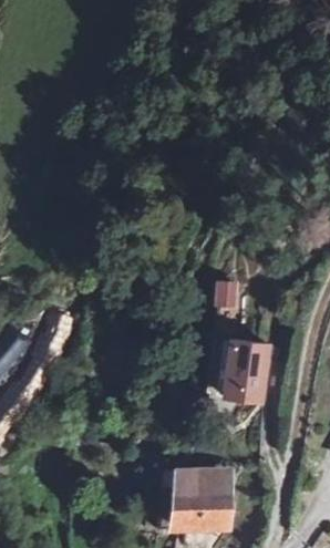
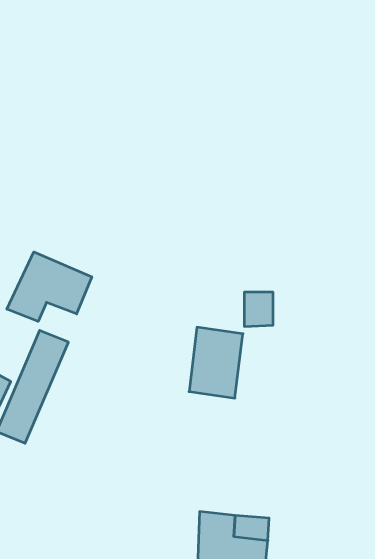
building: none -> [7,252,92,321]
building: [224,344,269,404] -> [189,327,243,398]

